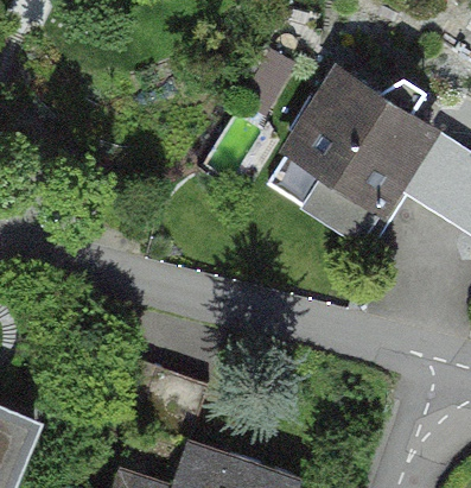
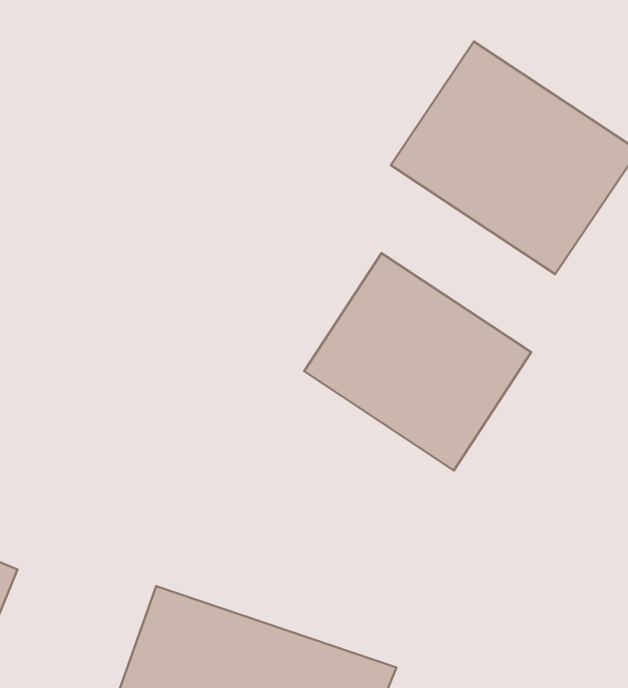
building: none -> [304,253,531,470]

